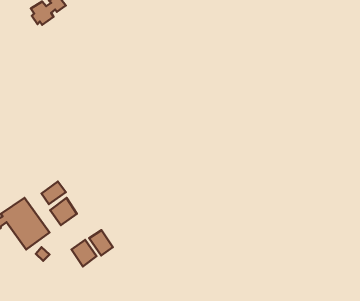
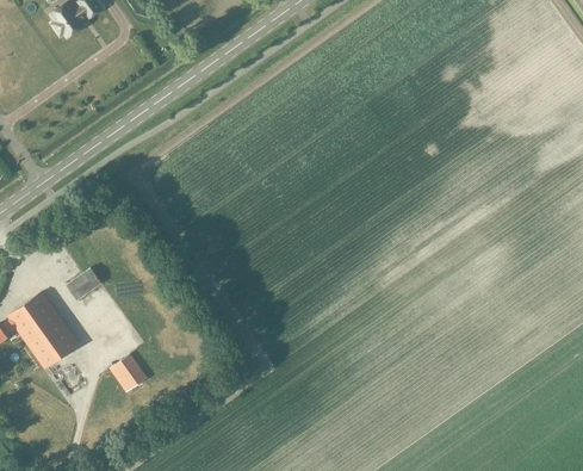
building: [50,198,77,225] -> none
building: [89,230,113,256] -> none

